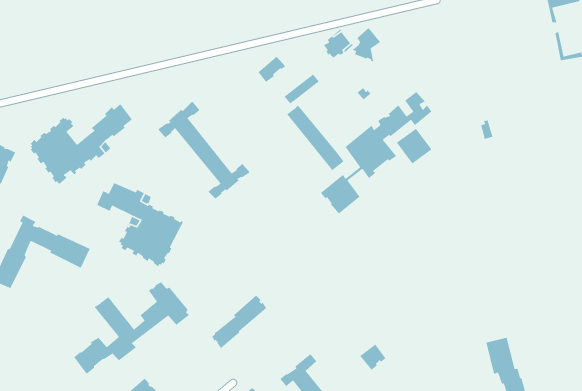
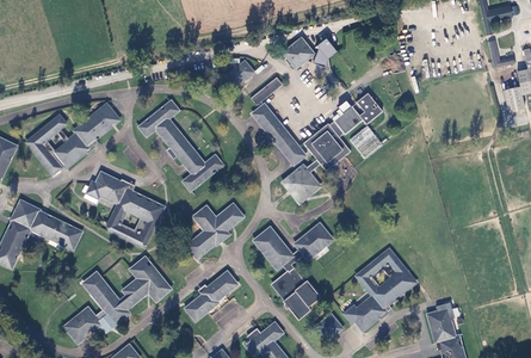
building: none -> [187,203,242,255]
building: none -> [255,223,332,319]
building: none -> [344,248,415,327]

